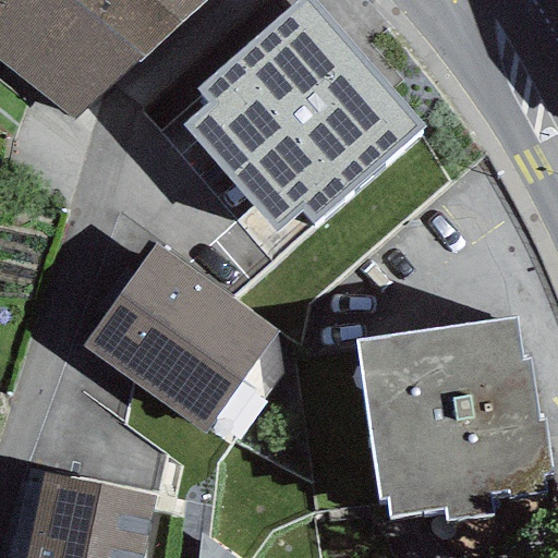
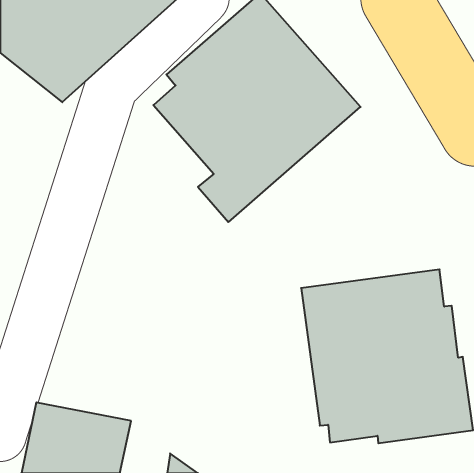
building: [82,243,278,430] -> none

